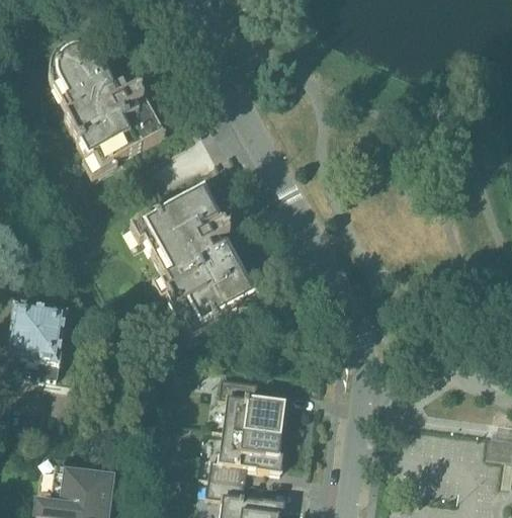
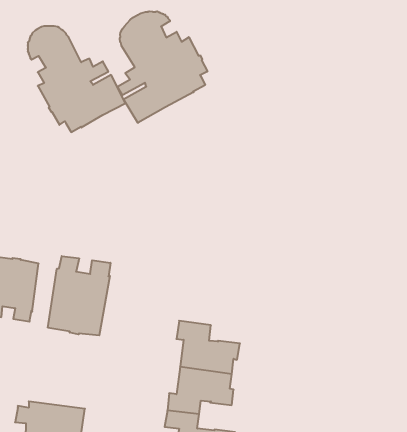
building: none -> [117,11,207,123]
building: [145,184,259,325] -> none
building: none -> [48,256,110,335]

